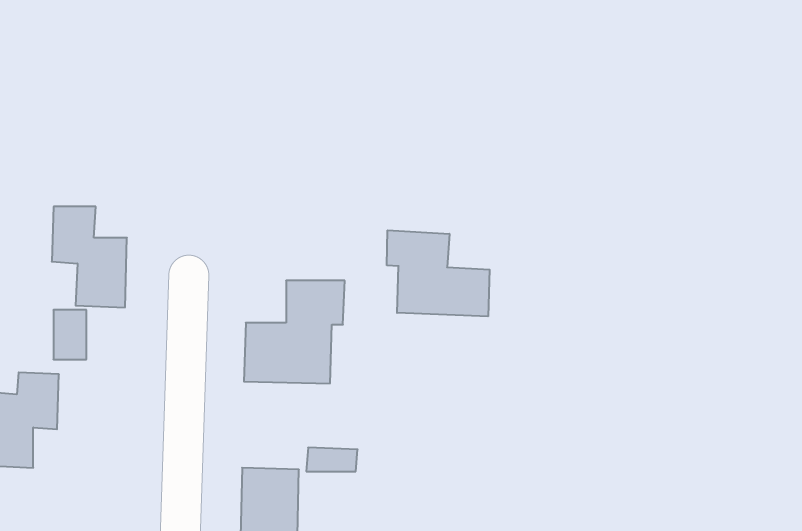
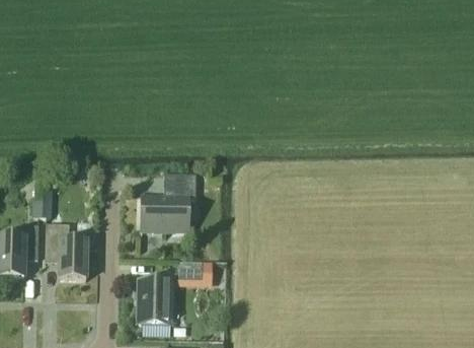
building: [52,207,127,307] -> [45,224,86,280]
building: [387,230,490,316] -> none

